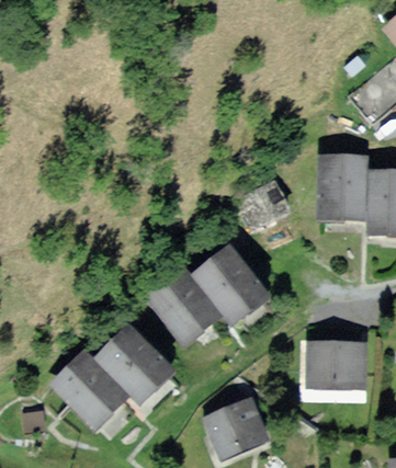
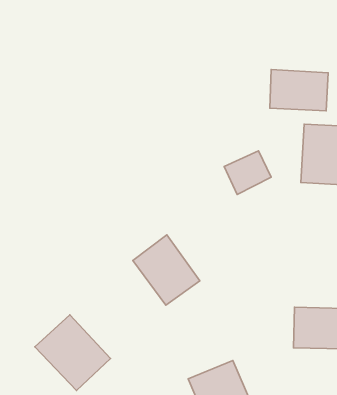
building: none -> [270,69,328,111]
building: [191,248,265,324] -> none
building: [93,326,167,400] -> none

